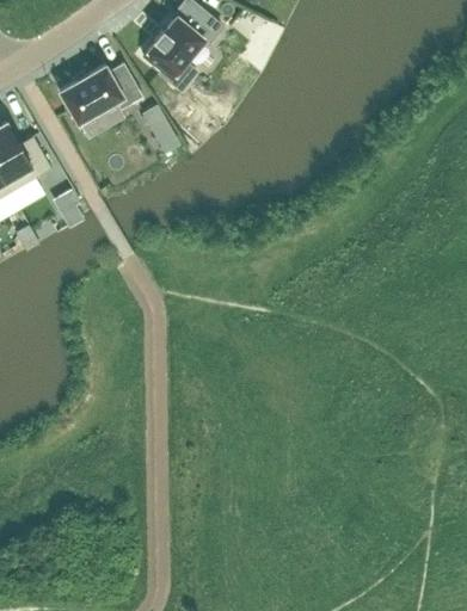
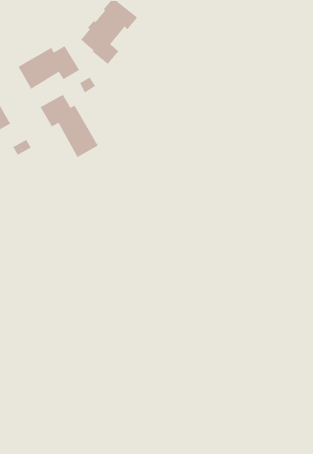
building: none -> [39,94,99,158]

